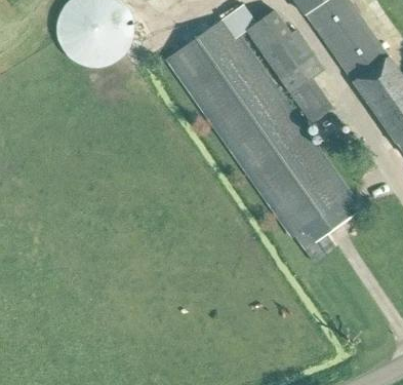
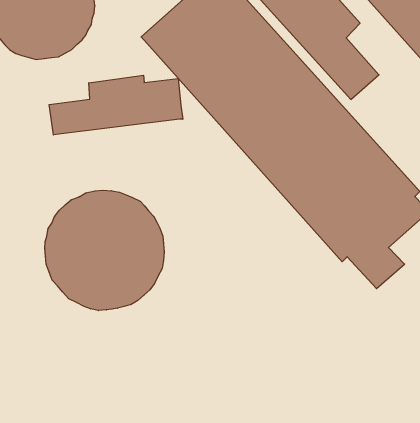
building: none -> [49,75,183,135]
building: none -> [45,190,164,311]

